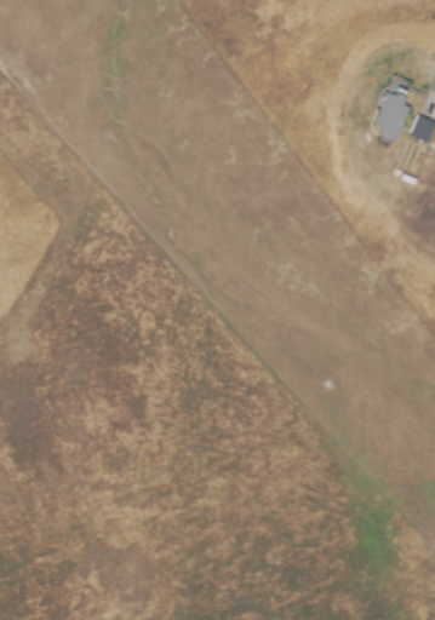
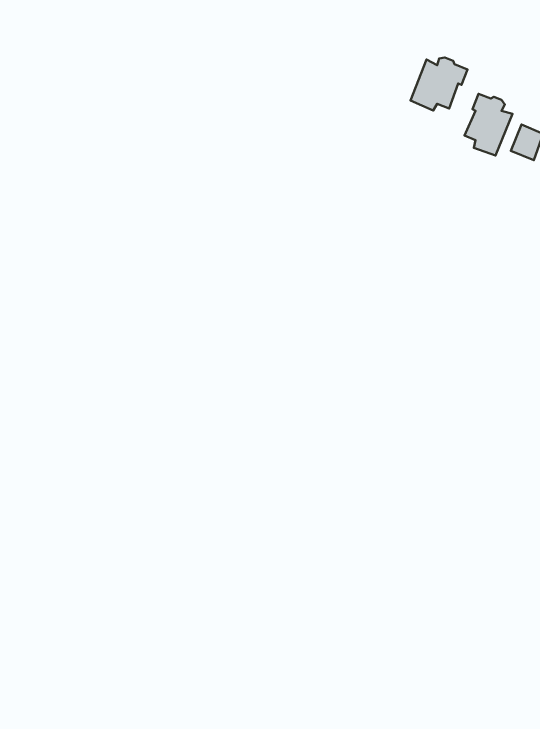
building: none -> [410,58,468,110]

